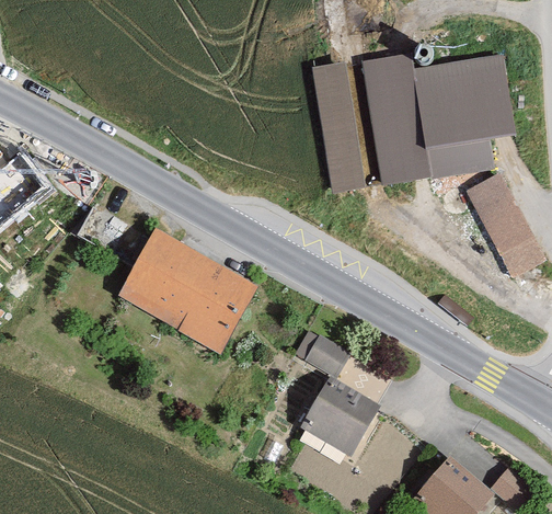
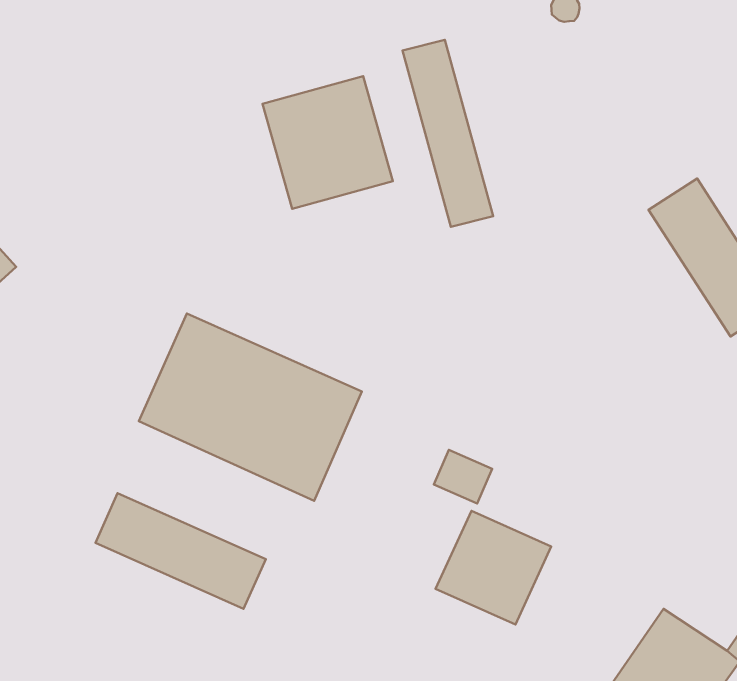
building: [364,55,510,181] -> none
building: none -> [262,76,393,209]
building: none -> [95,493,266,609]

